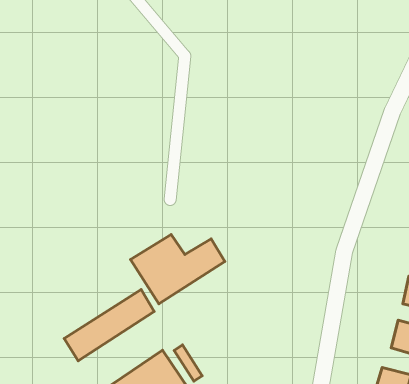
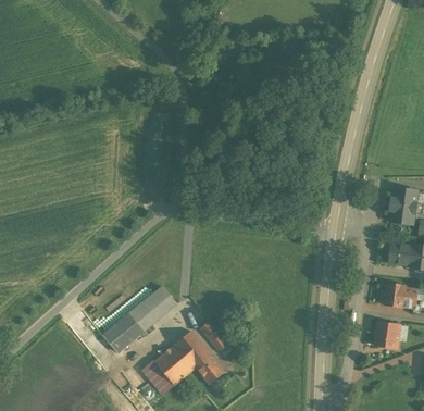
building: [130,235,225,304] -> none

